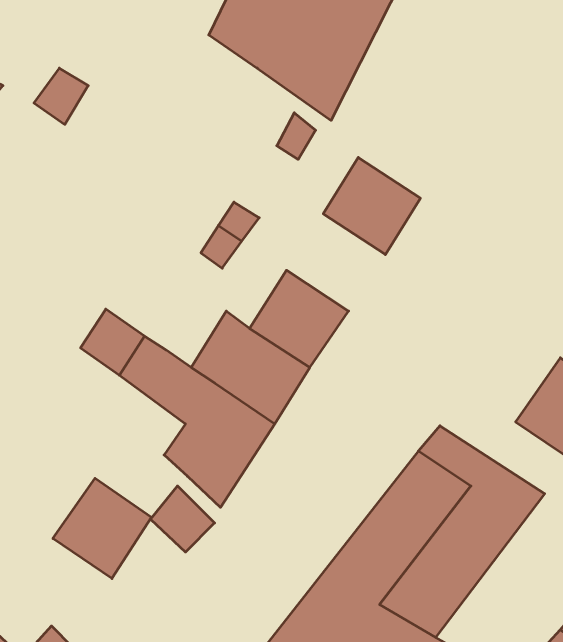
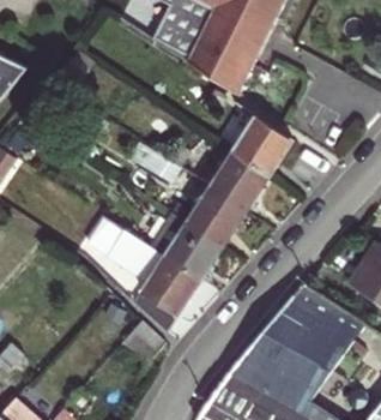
building: none -> [206,151,267,211]
building: [53,478,152,579] -> none

